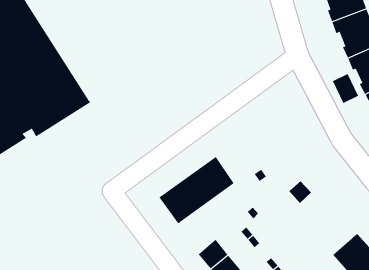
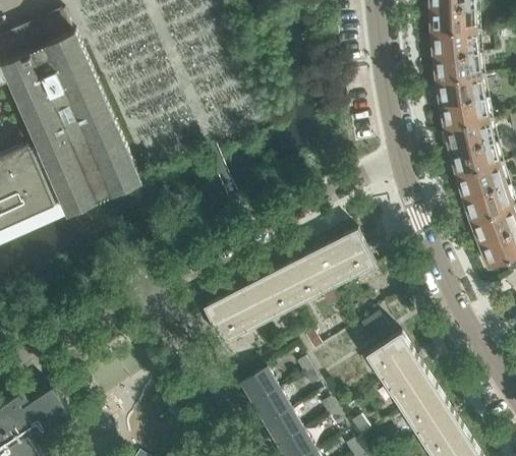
building: [332,73,359,104] -> none
building: none -> [281,230,375,305]
building: none -> [366,333,436,409]

